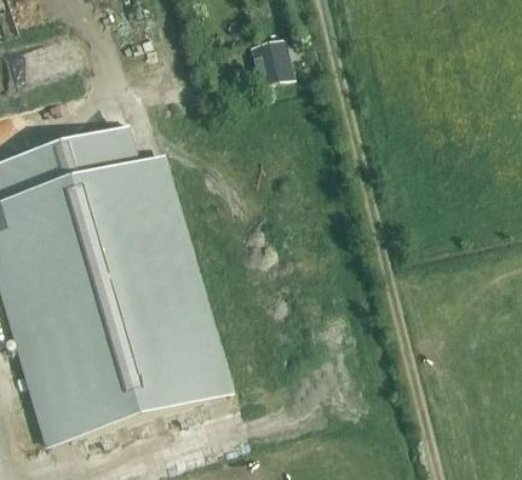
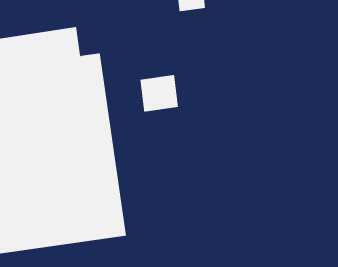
building: none -> [140,74,178,112]

